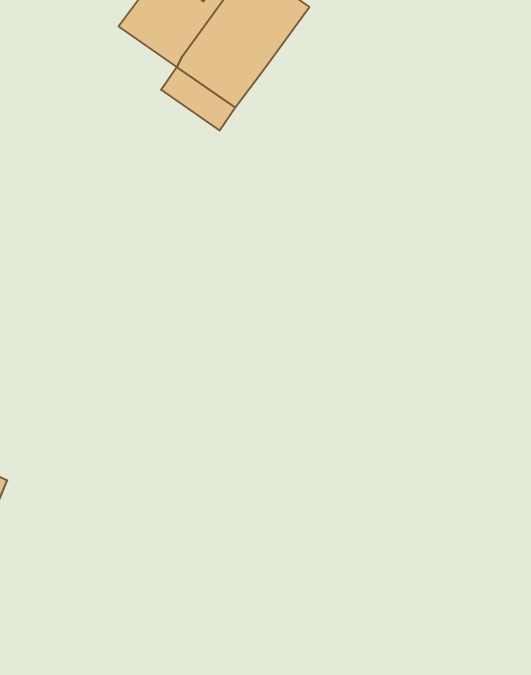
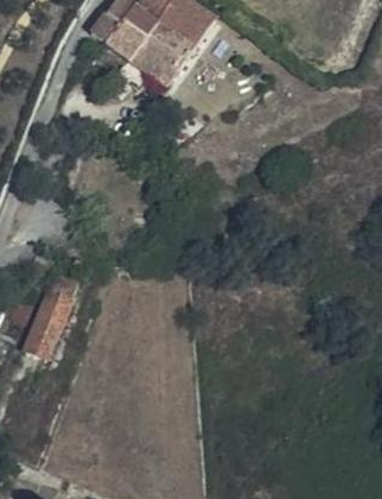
building: none -> [25,265,77,349]

